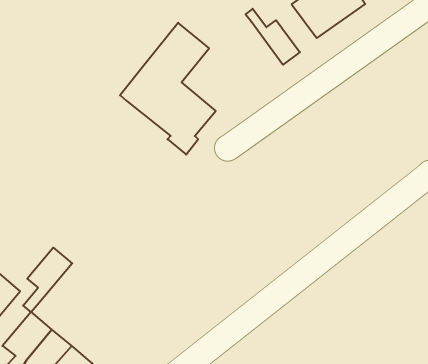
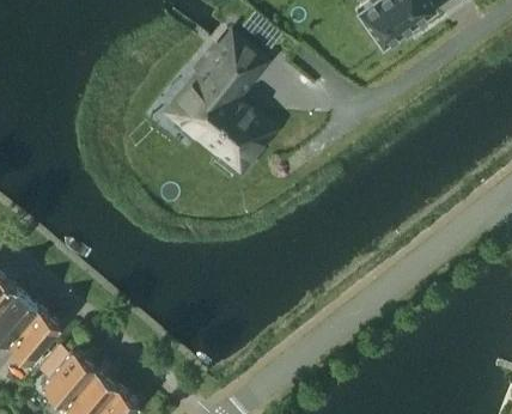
building: [246,9,300,65] -> none
building: [23,248,72,312] -> none

